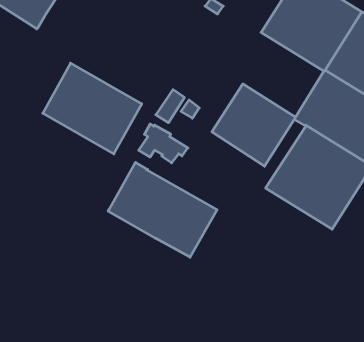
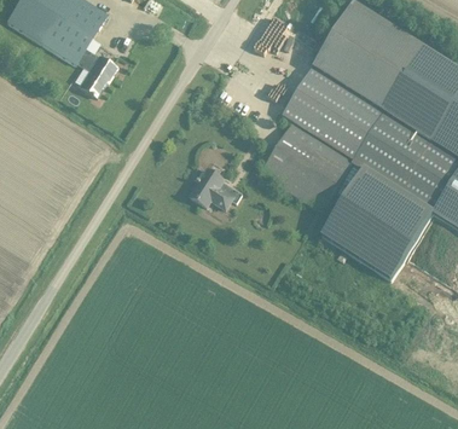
building: none -> [79,47,118,95]
building: none -> [284,66,381,156]
building: [43,63,142,154] -> none
building: [108,162,217,257] -> none

